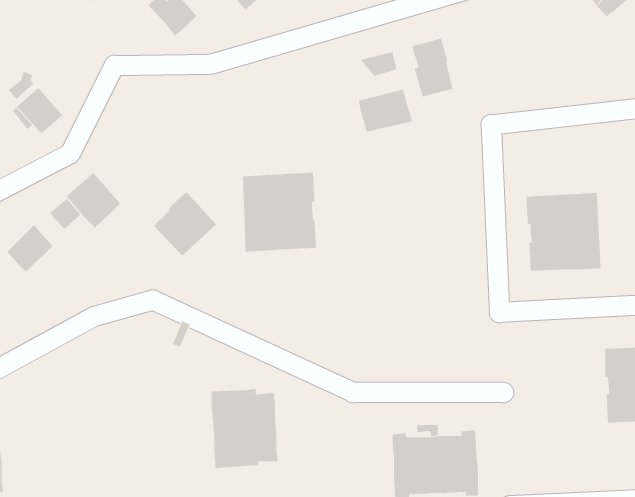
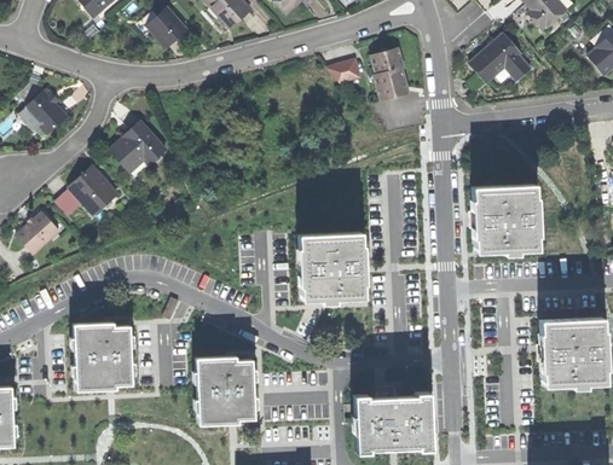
building: none -> [472,35,532,83]
building: [358,89,413,132] -> none
building: [242,172,317,252] -> [300,232,365,302]
building: [153,191,217,256] -> [111,122,167,179]
building: none -> [75,322,134,393]

